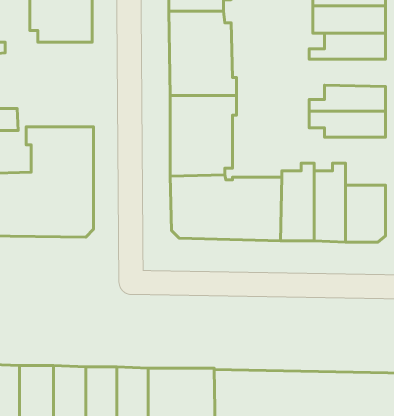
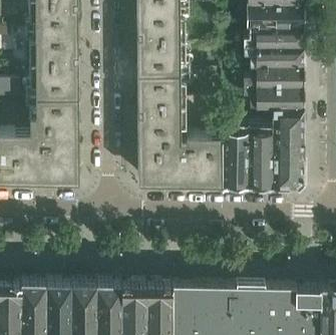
building: none -> [26,34,78,99]
building: none -> [245,47,304,68]
building: none -> [273,107,304,144]

